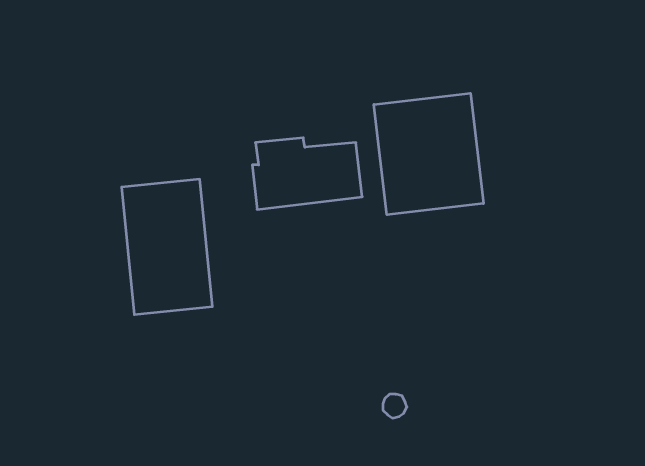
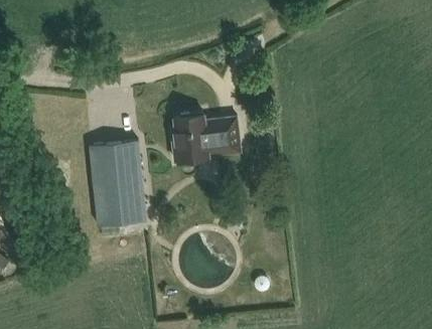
building: [374,93,483,215] -> none

